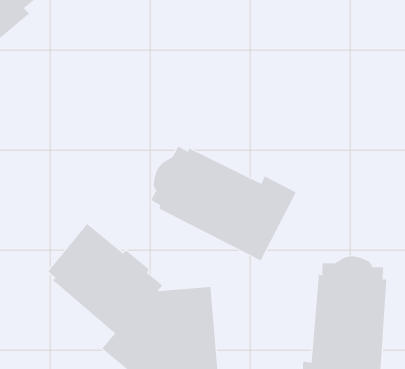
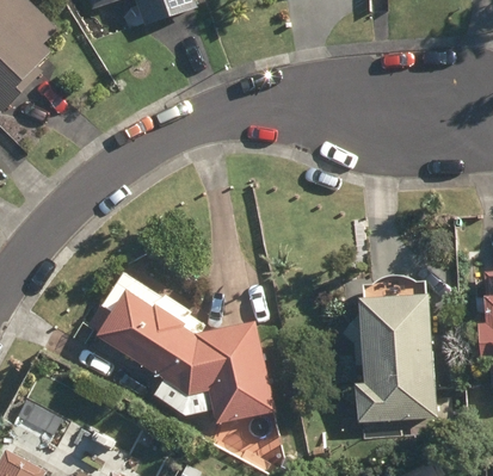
building: [150,146,296,261] -> none

